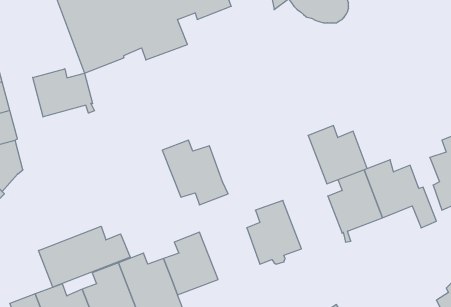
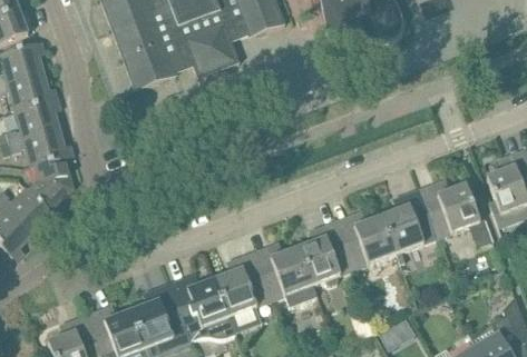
building: [33,69,94,117] -> none
building: [308,126,367,184] -> [336,209,397,268]
building: [162,140,228,205] -> [252,241,319,307]
building: [39,226,130,287] -> none

